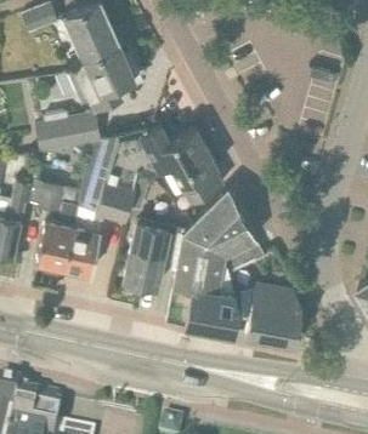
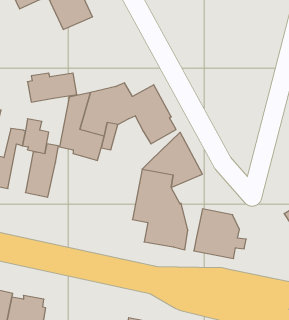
building: [66,42,138,107] -> none
building: [121,223,168,289] -> none
building: [62,224,97,274] -> none
building: [216,239,264,276] -> none

